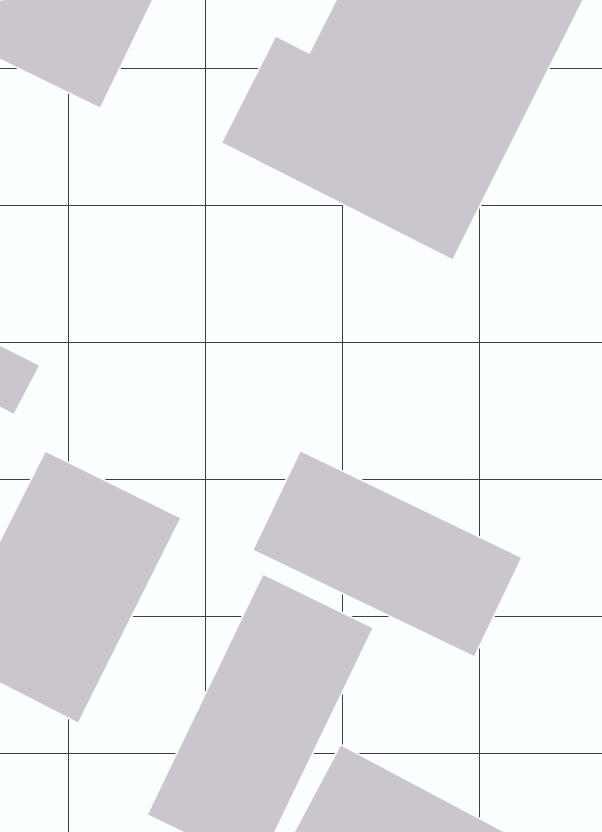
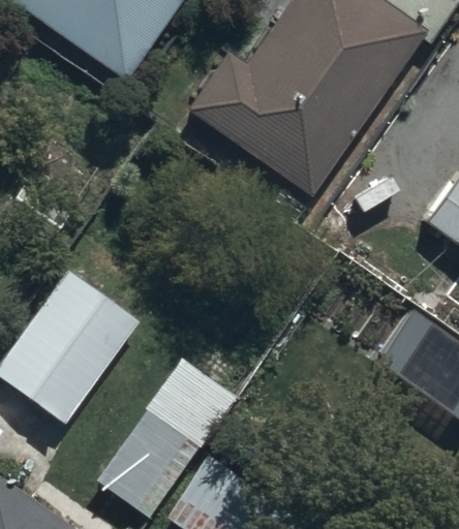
building: [252,450,522,657] -> none

